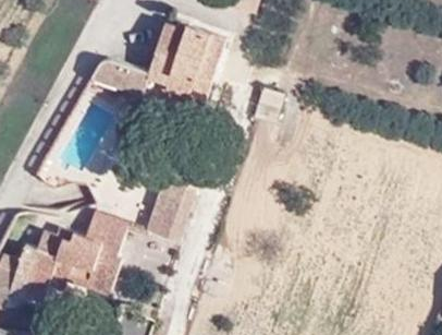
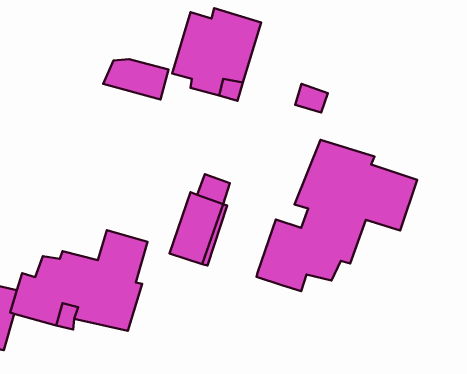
building: none -> [256,140,417,291]

